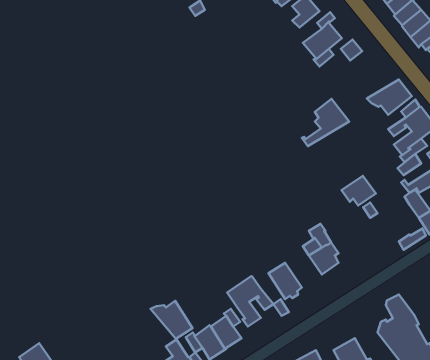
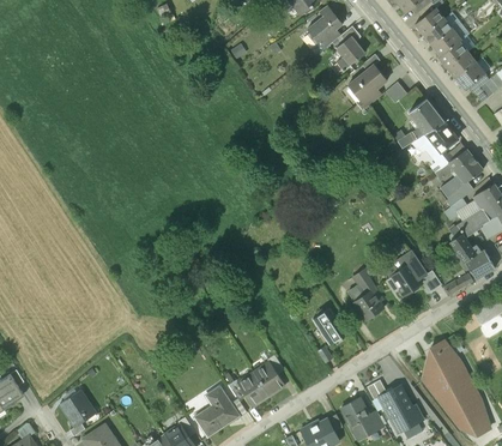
building: [302,99,349,146] -> [397,100,444,147]
building: [342,176,376,205] -> [387,265,422,295]
building: [227,276,273,326] -> none
building: [151,301,193,339] -> none

